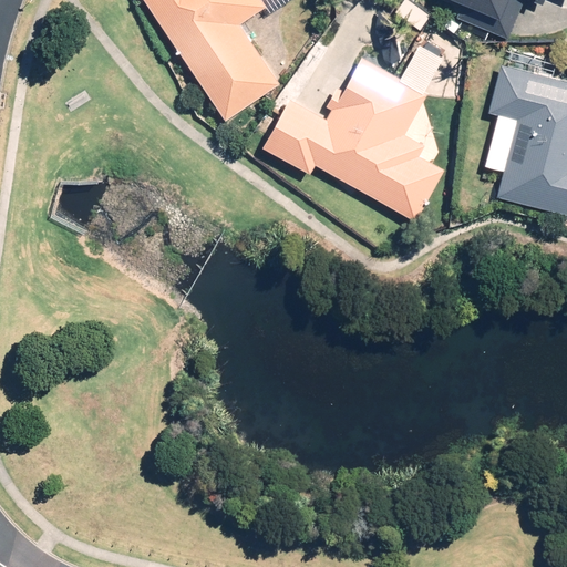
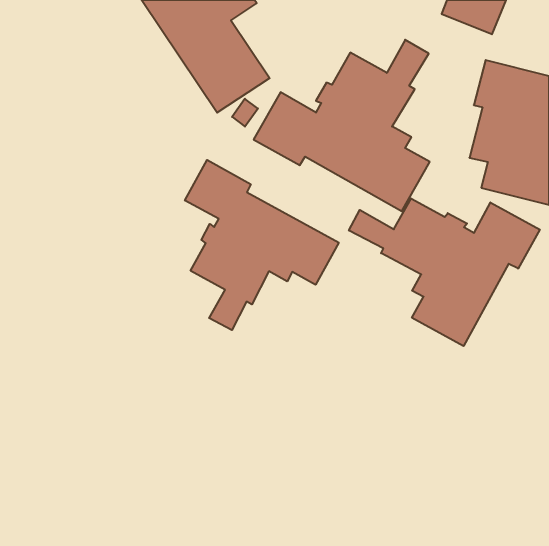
building: none -> [185,160,339,330]
building: none -> [349,198,540,346]

